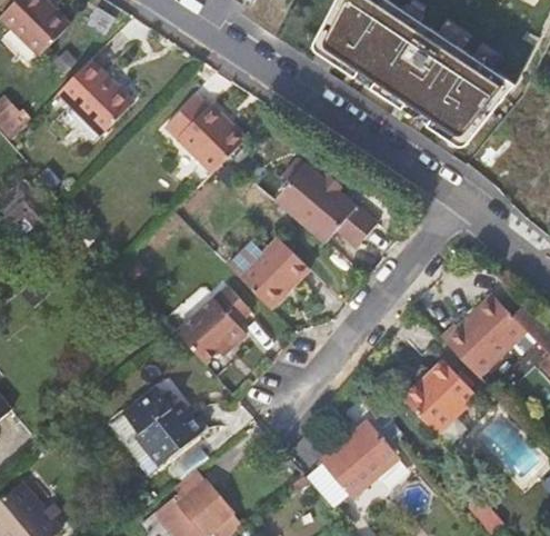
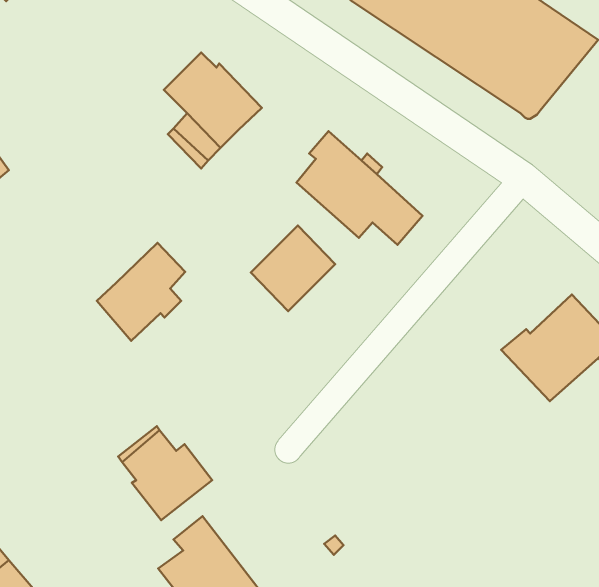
building: [59,58,134,132] -> none
building: [176,284,247,363] -> [97,243,185,341]
building: [399,357,474,431] -> none
building: [321,424,400,504] -> none

